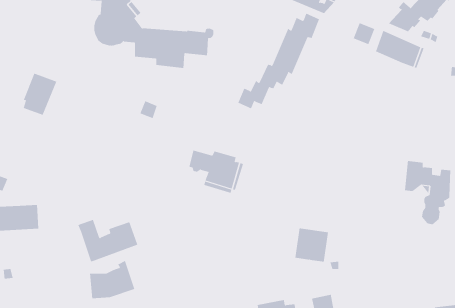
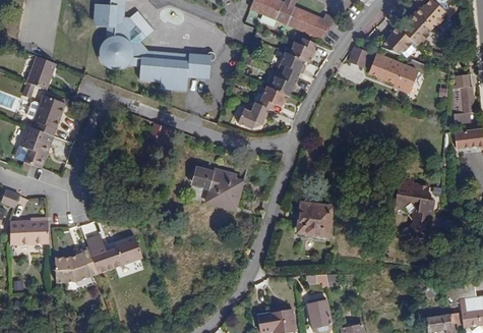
building: none -> [26,55,56,89]
building: none -> [18,124,53,166]
building: [295,228,329,262] -> [298,203,330,235]
building: [89,260,135,299] -> [54,245,98,282]

